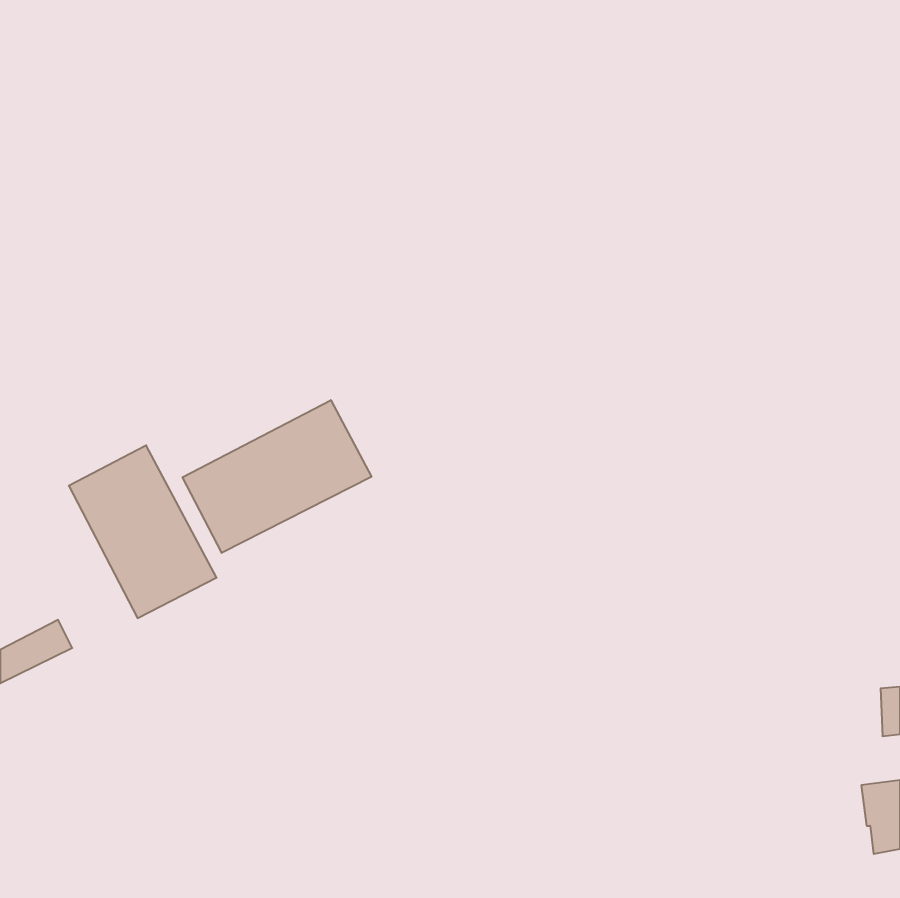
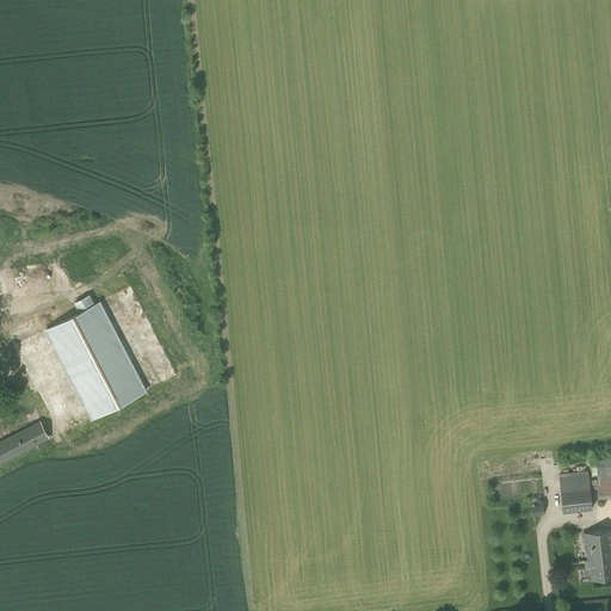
building: [183,400,371,553] -> none
building: none -> [560,475,592,513]

